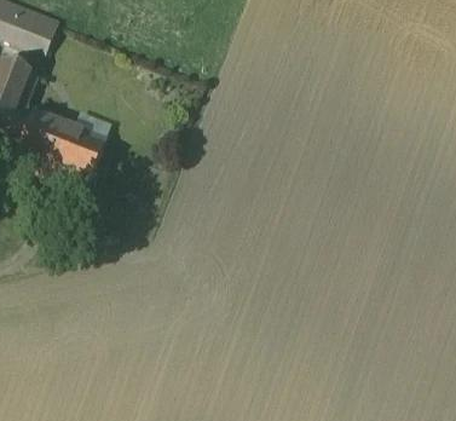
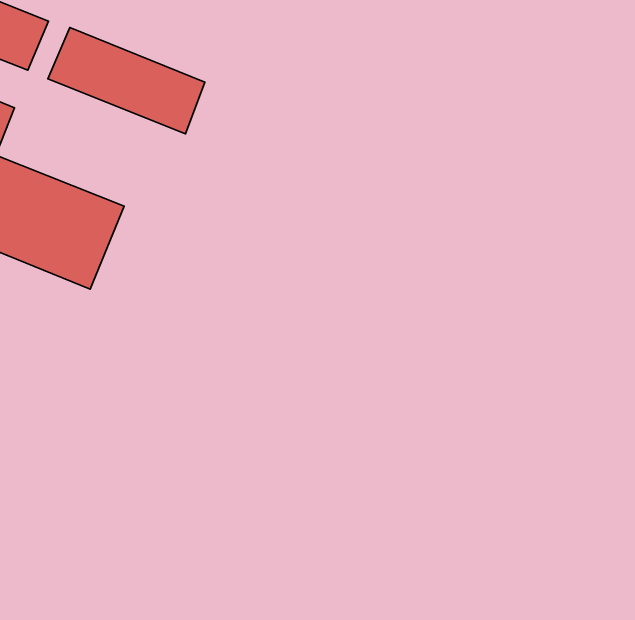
building: none -> [48,28,205,134]

